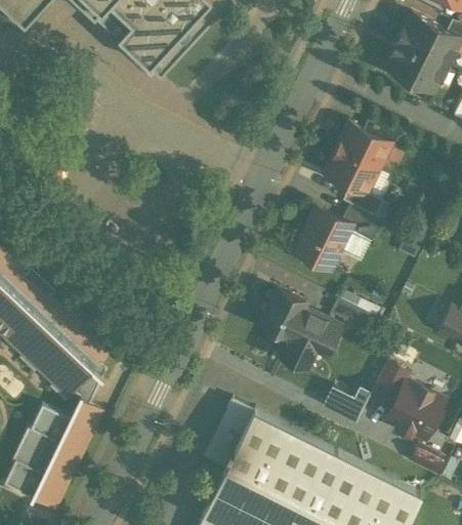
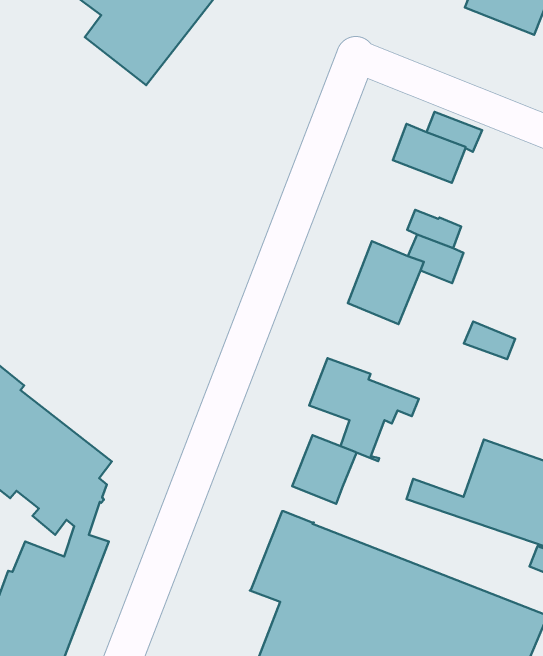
building: [384,42,448,93] -> none
building: [324,150,378,196] -> none
building: [330,299,368,329] -> [464,322,515,359]
building: none -> [292,435,356,504]

